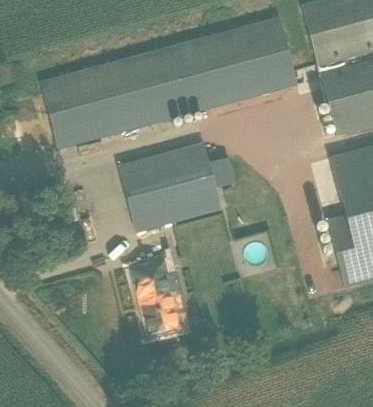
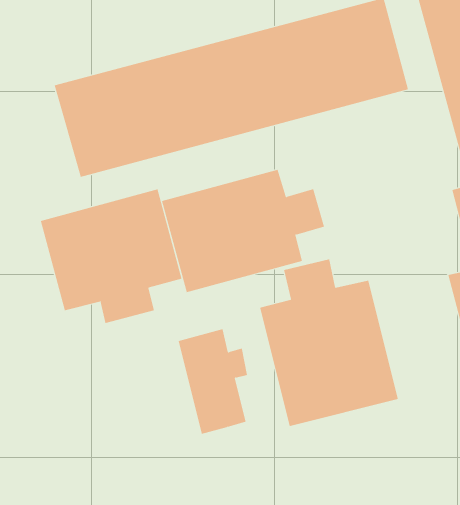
building: none -> [40,189,182,324]
building: none -> [260,259,399,427]

